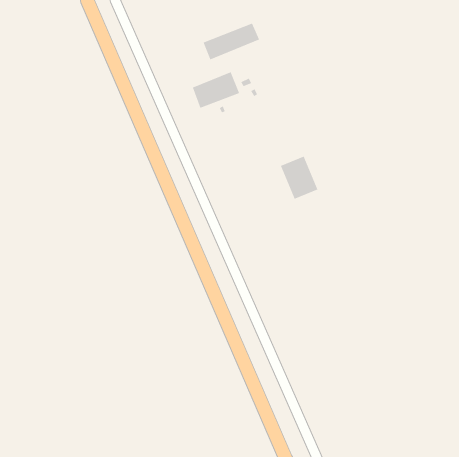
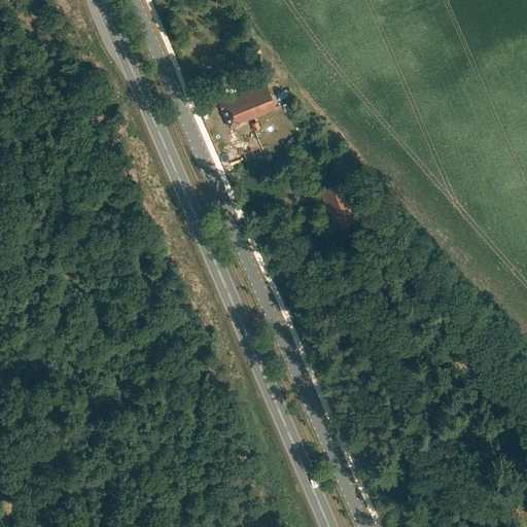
building: [202,22,260,61] -> none

